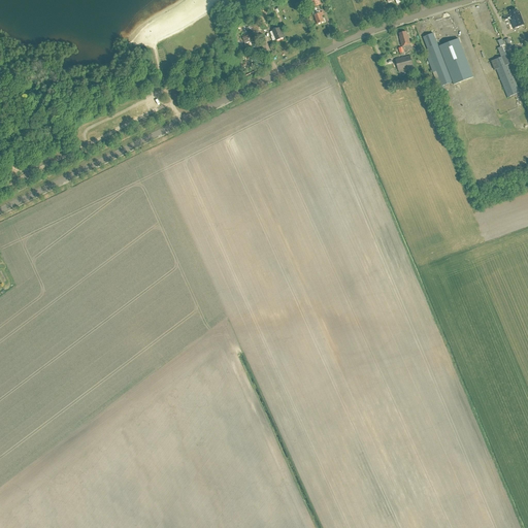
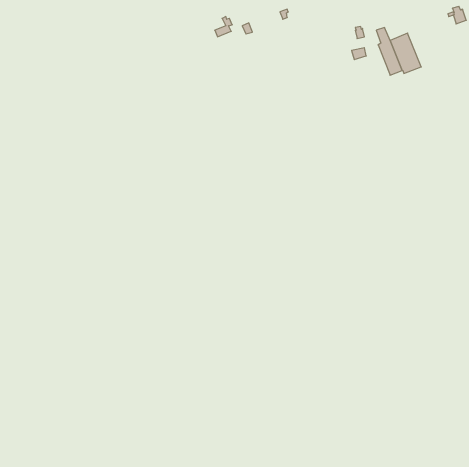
building: [491,43,520,96] -> none

